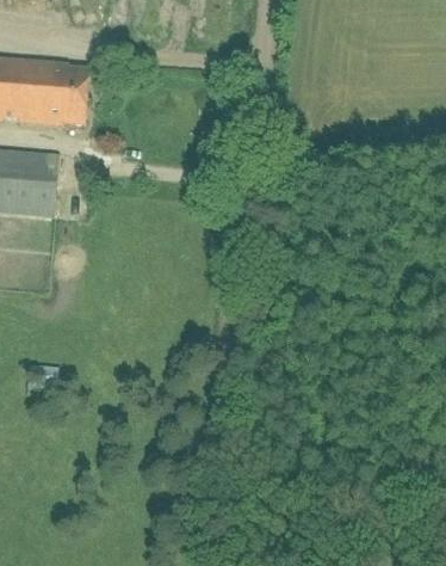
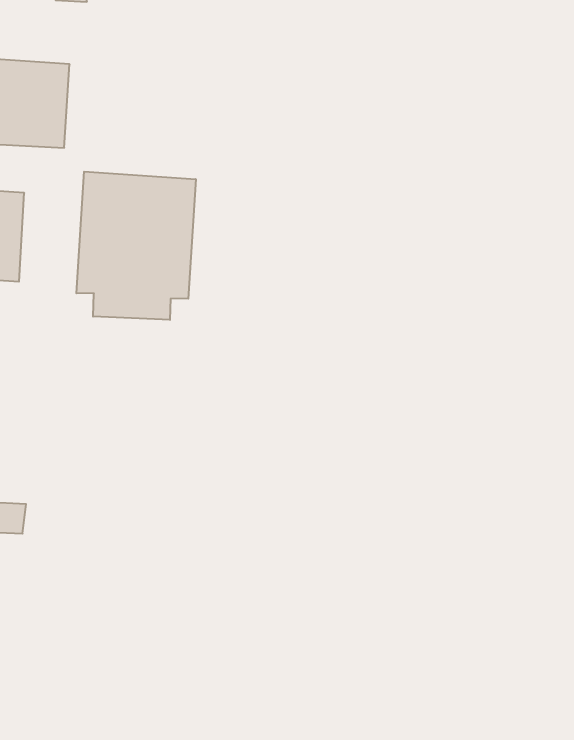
building: none -> [76,172,196,320]

